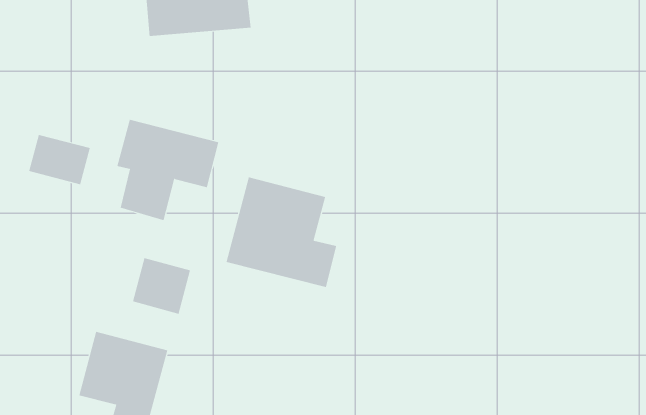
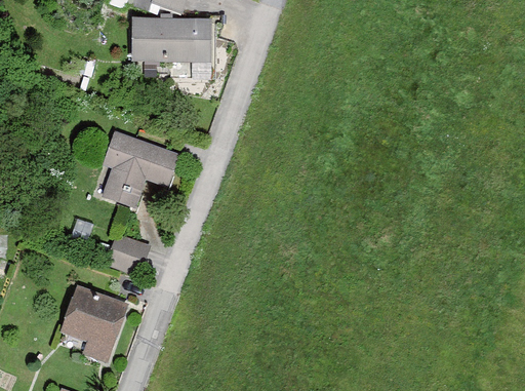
building: [29,134,90,185] -> none
building: [226,176,337,288] -> none

